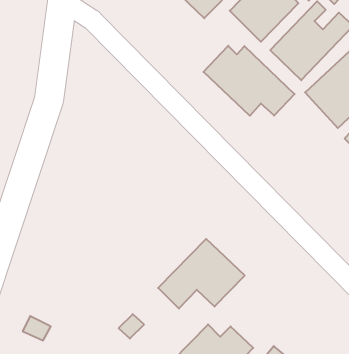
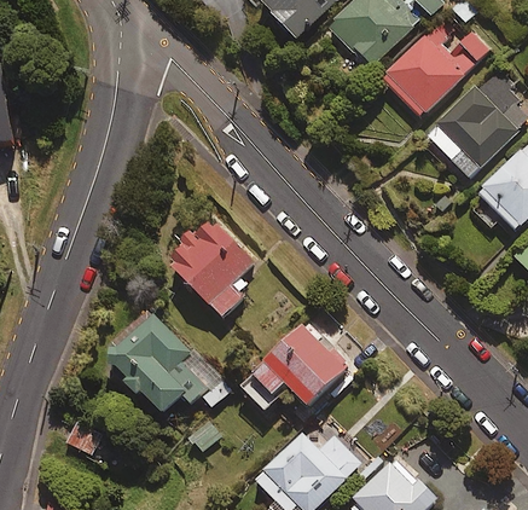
building: [203,46,295,116] -> none
building: none -> [168,220,254,317]
building: none -> [100,311,231,413]

